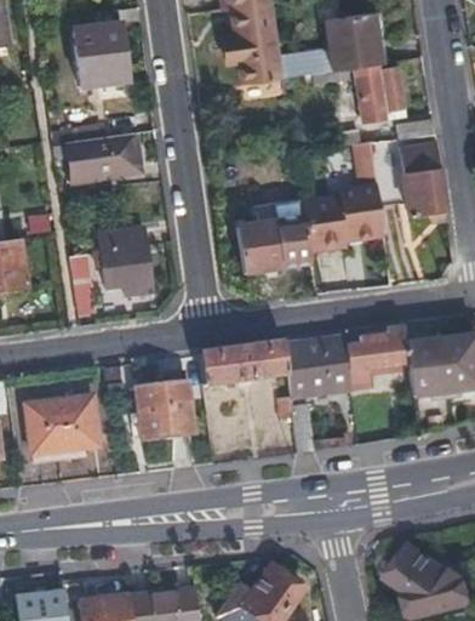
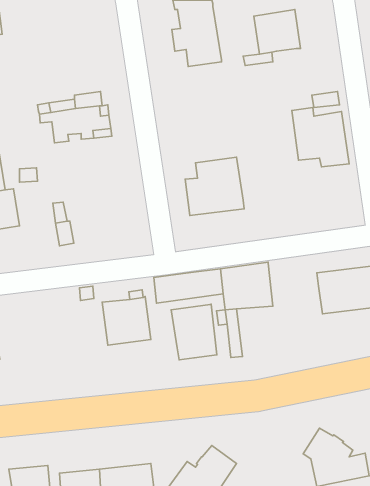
building: [71,7,138,86] -> none
building: [354,62,405,120] -> none
building: [303,141,385,255] -> none
building: [98,228,154,292] -> none
building: [343,326,407,389] -> none
building: none -> [171,304,217,360]
building: [25,398,96,455] -> none

